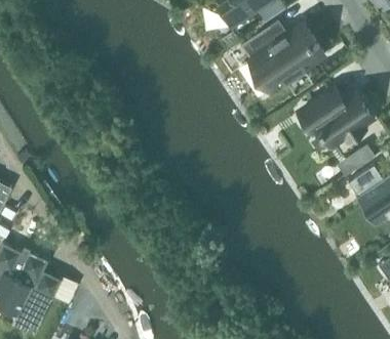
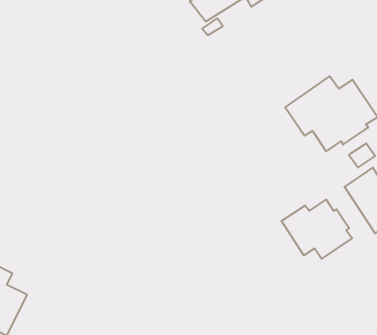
building: [238,22,327,94] -> none
building: none -> [281,200,352,259]

